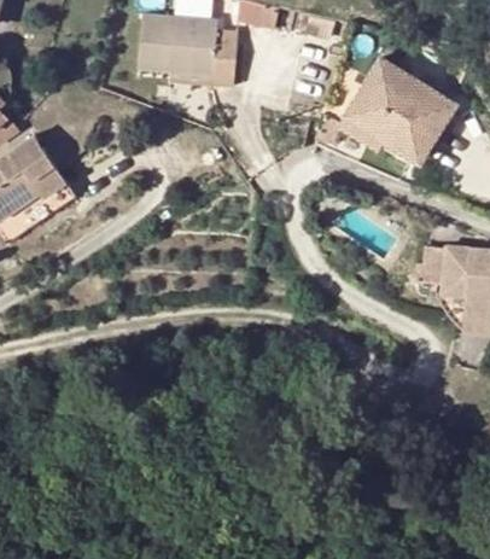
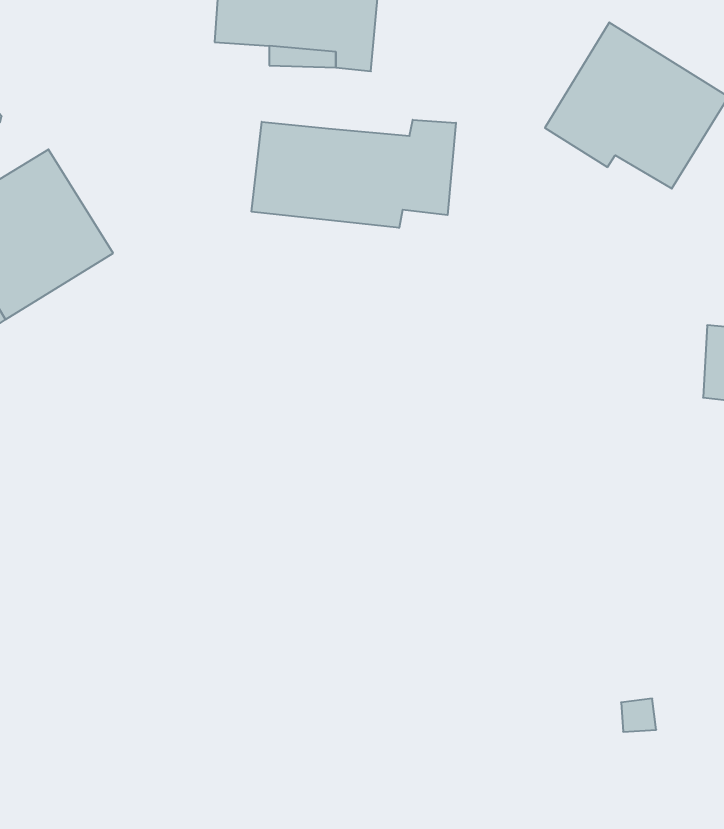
building: none -> [252,120,456,228]

